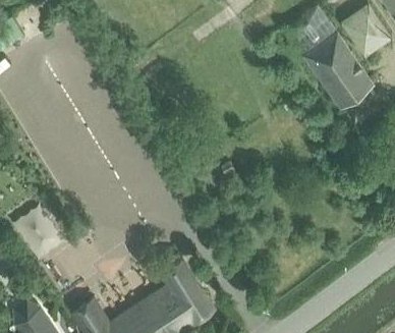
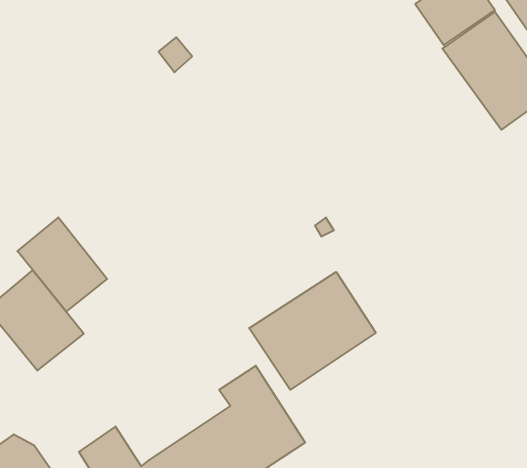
building: none -> [17,217,107,311]
building: none -> [249,272,376,390]

